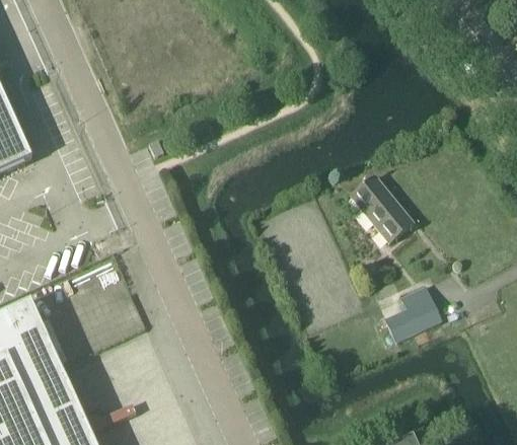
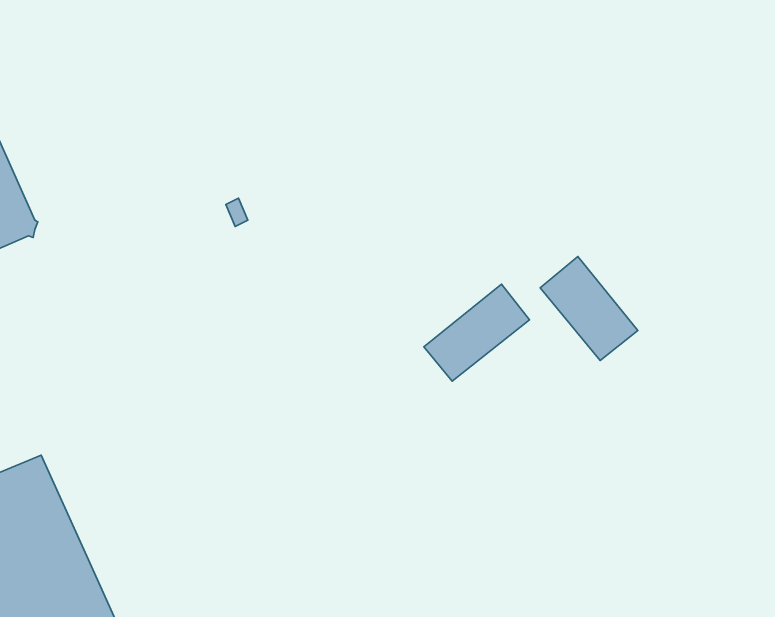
building: none -> [424,284,529,381]
building: [385,285,440,341] -> none

